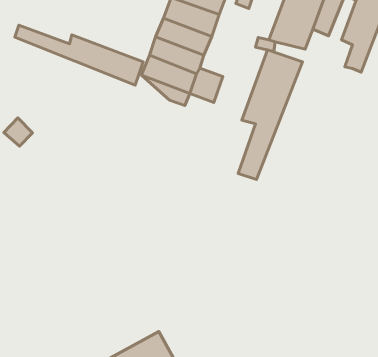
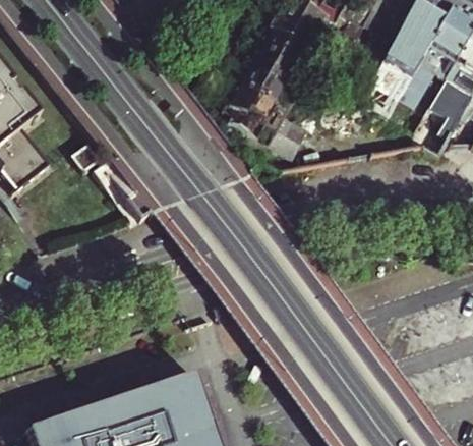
building: [15,25,143,85] -> none
building: [238,50,302,180] -> none

